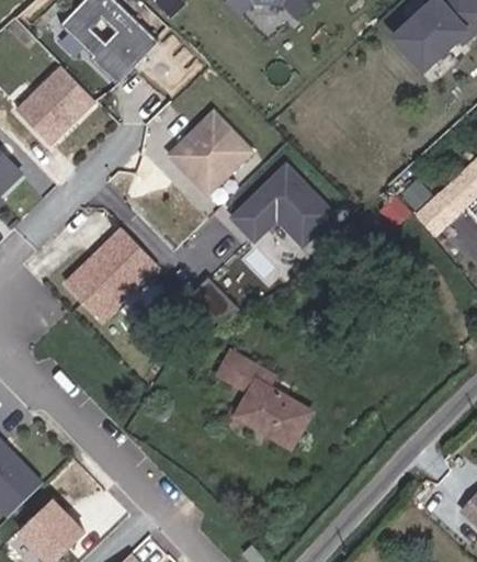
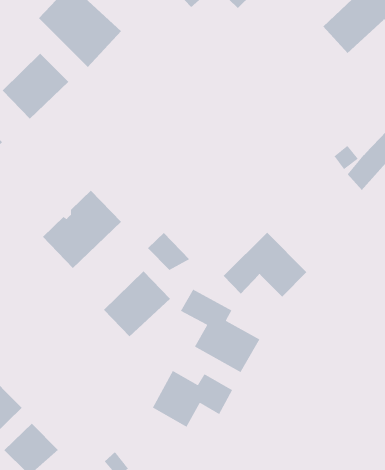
building: [169,109,253,193] -> none
building: [235,165,333,241] -> [223,232,307,297]
building: none -> [103,271,171,337]
building: none -> [152,370,233,428]

